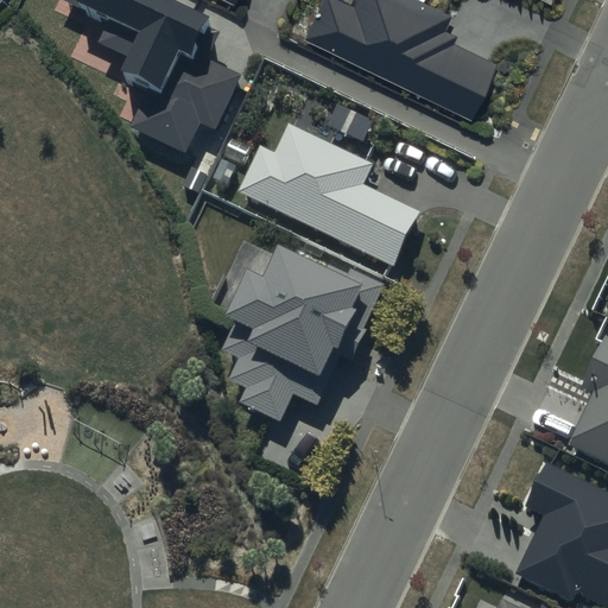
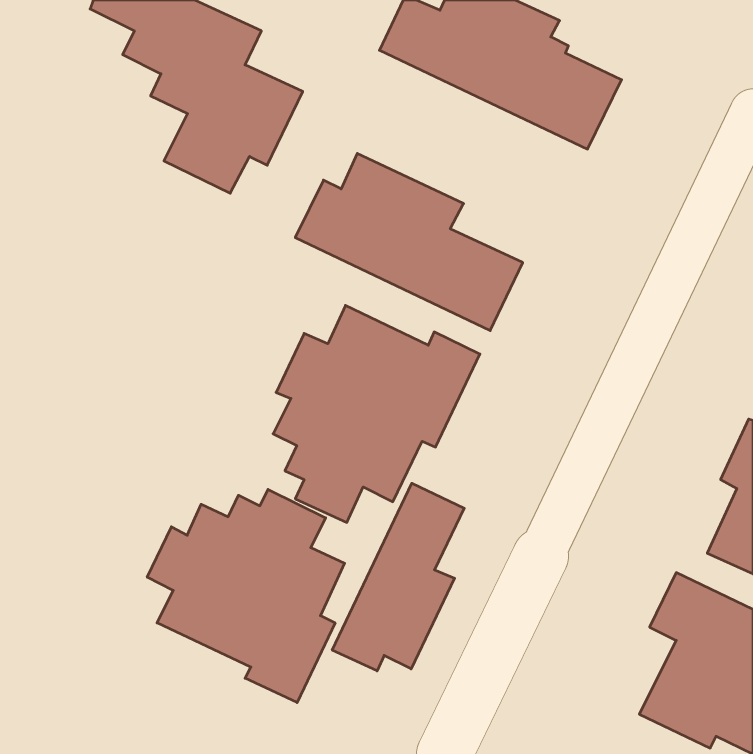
building: none -> [332,483,464,671]
building: none -> [147,489,345,703]

